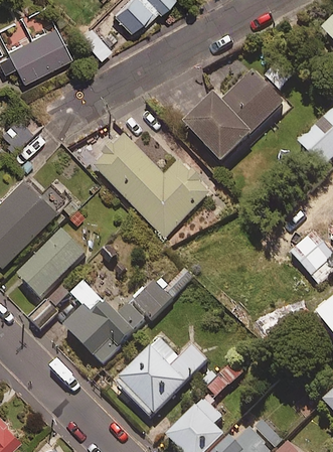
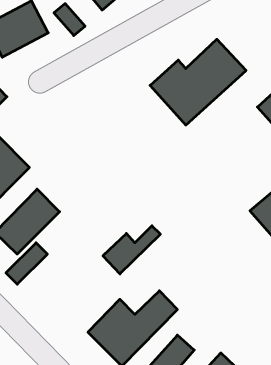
building: [94,134,211,238] -> none
building: [60,299,146,364] -> none

